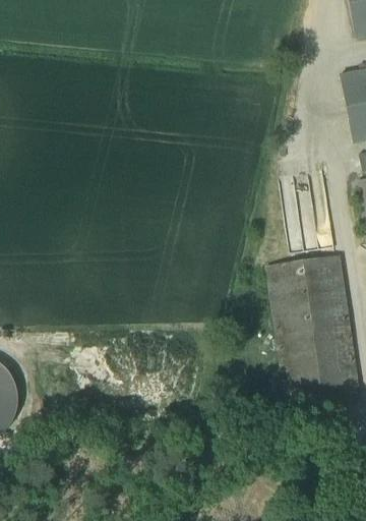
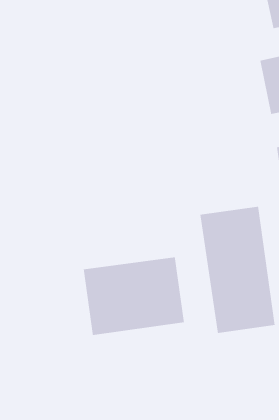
building: none -> [83,257,185,336]

